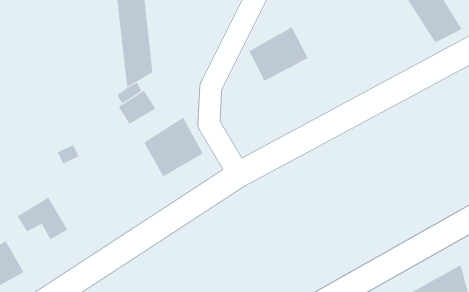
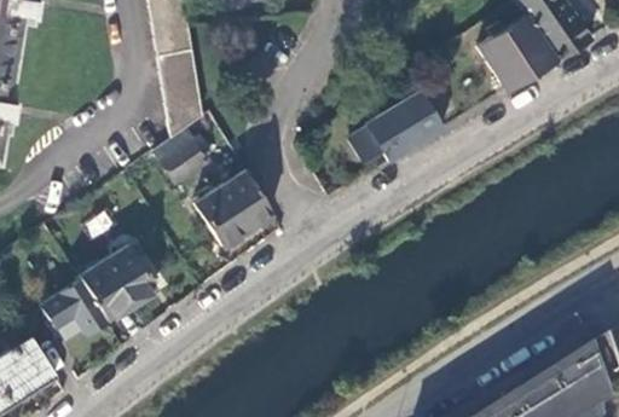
building: none -> [476,16,556,87]
building: [249,27,309,82] -> [368,89,444,161]
building: none -> [79,245,155,319]

